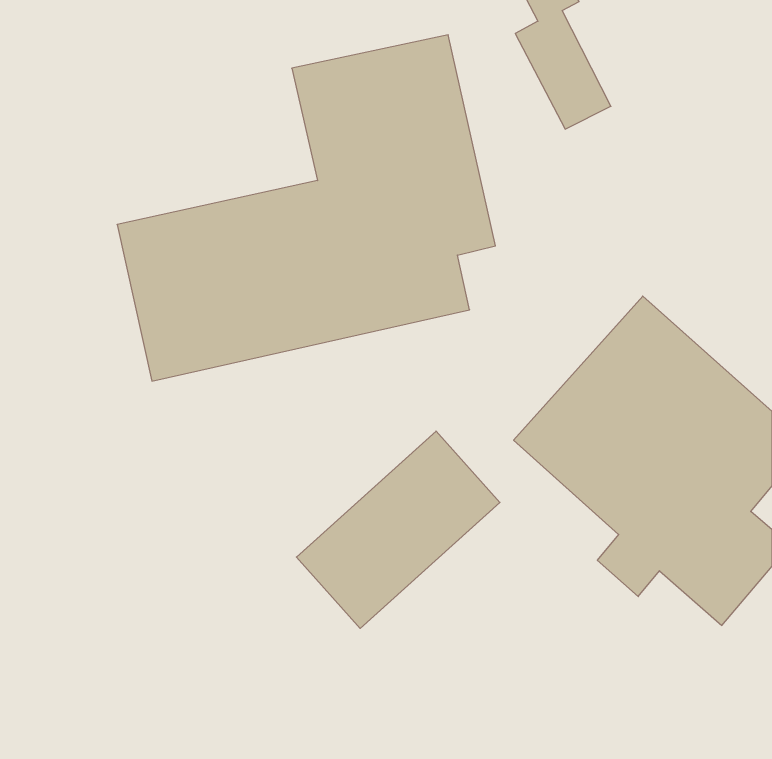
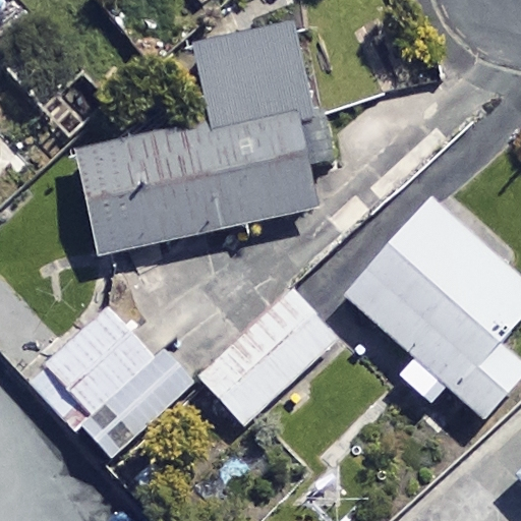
building: none -> [27,303,197,461]

